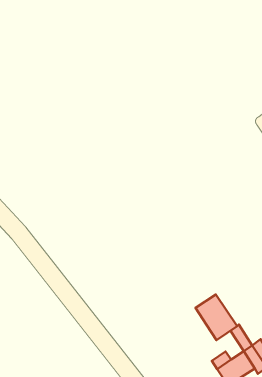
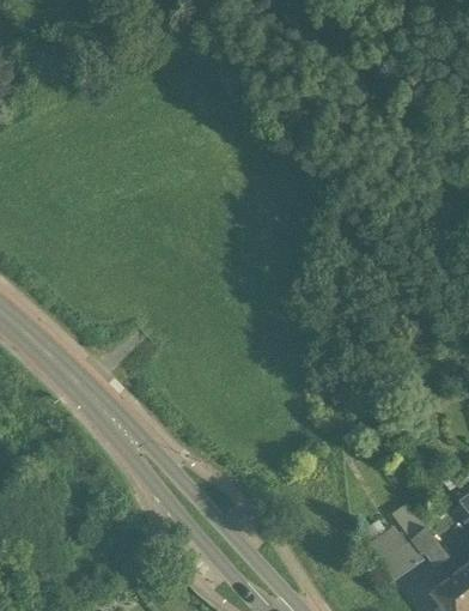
building: [196,295,237,340] -> none

